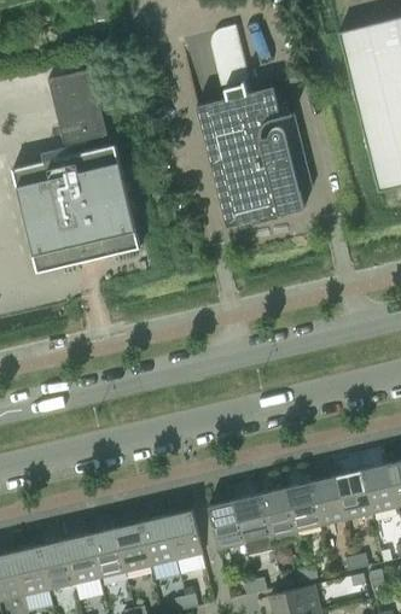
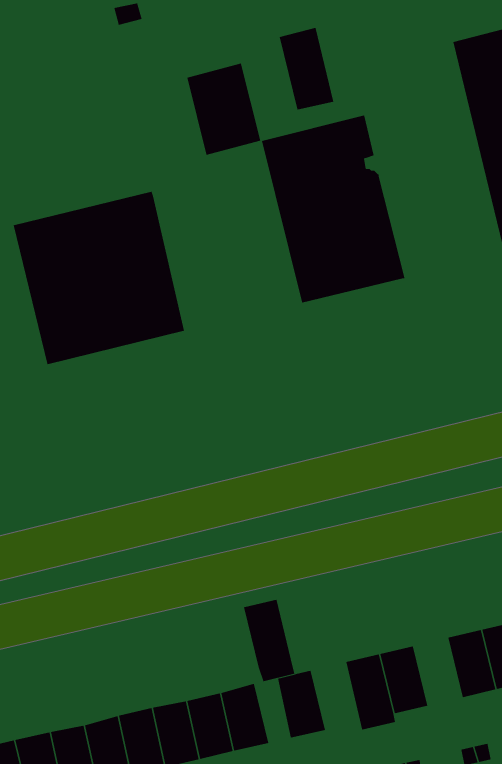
building: [51,76,106,145] -> [186,63,261,155]
building: [310,475,347,526] -> none
building: [234,493,273,555] -> [243,599,295,682]

